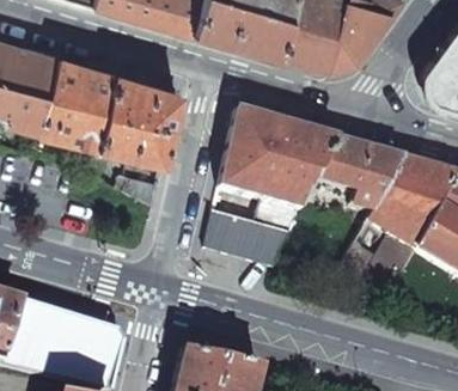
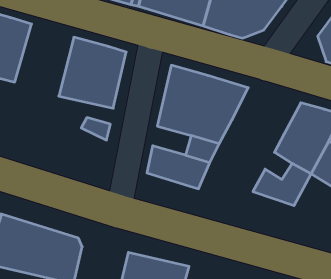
building: [37,59,114,151] -> none
building: [316,140,403,200] -> none

